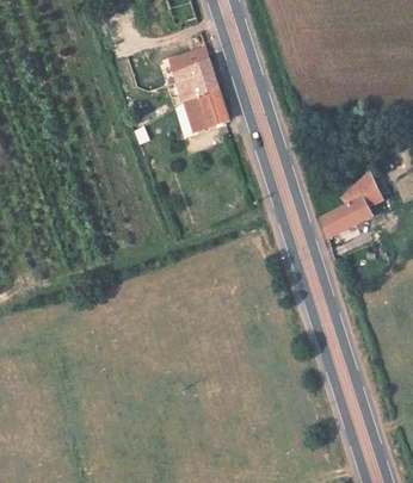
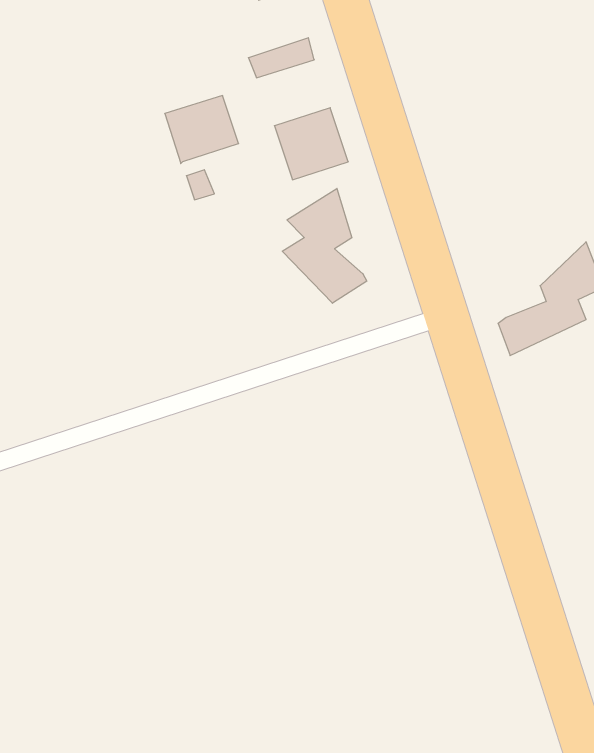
building: [173,61,217,101] -> [165,96,239,164]
building: none -> [282,188,367,303]

